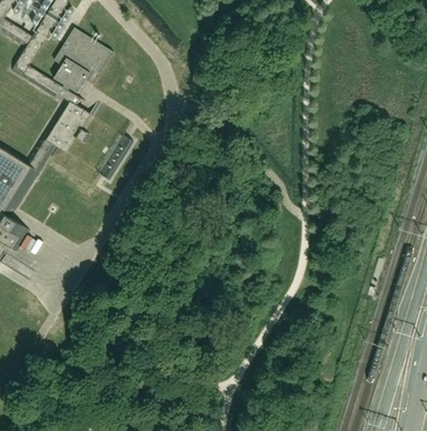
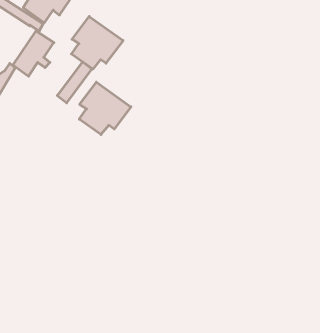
building: none -> [71,16,123,69]
building: none -> [79,82,131,135]

